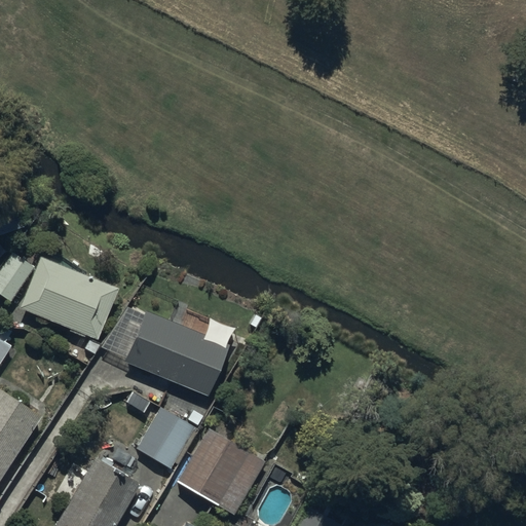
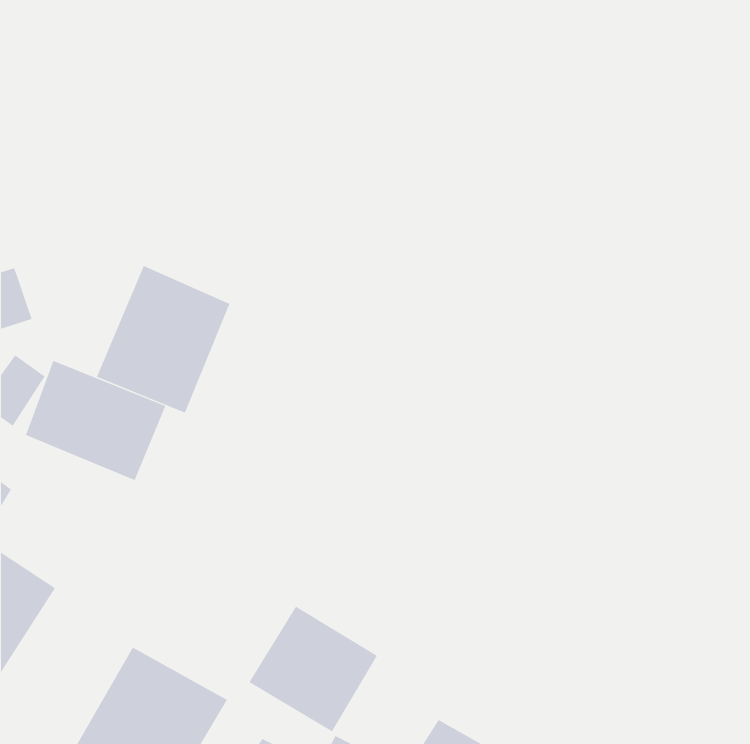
building: none -> [96,265,230,414]
building: [123,311,226,396] -> none
building: [136,408,194,471] -> none

